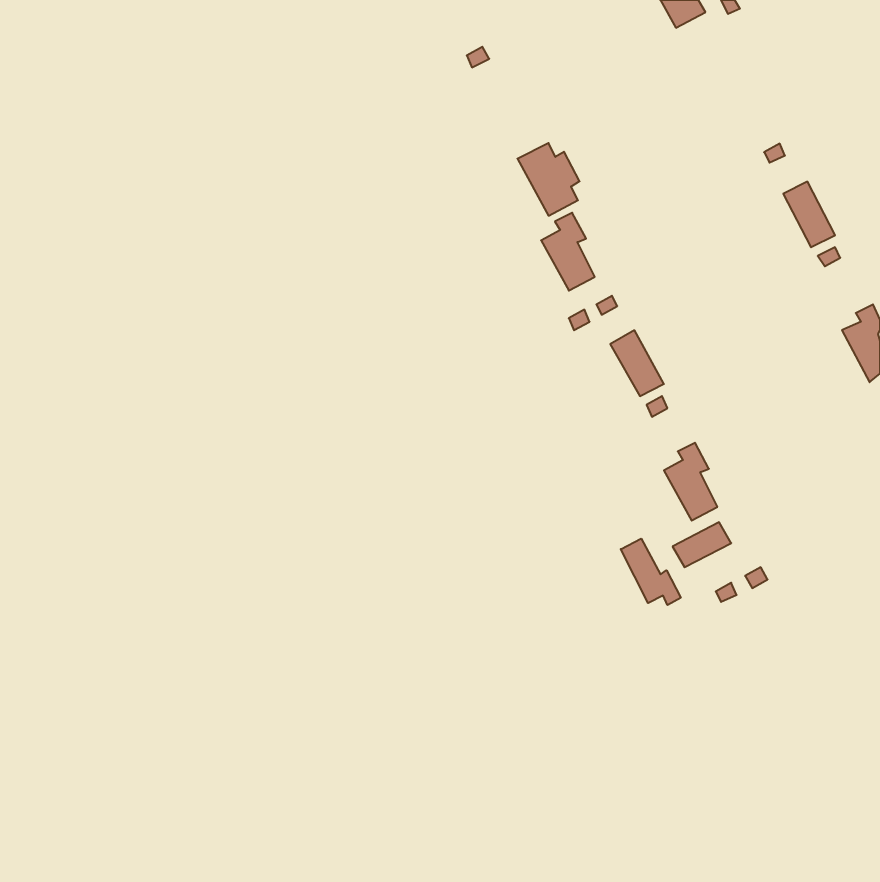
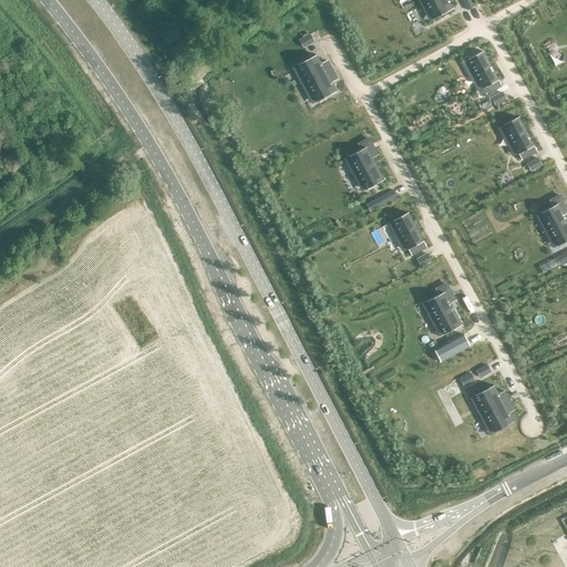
building: none -> [466,51,499,93]
building: [517,143,580,216] -> [295,53,334,100]
building: [621,539,681,605] -> none
building: none -> [474,386,513,433]

